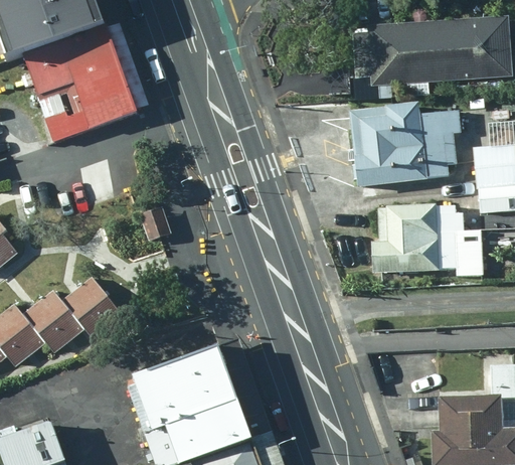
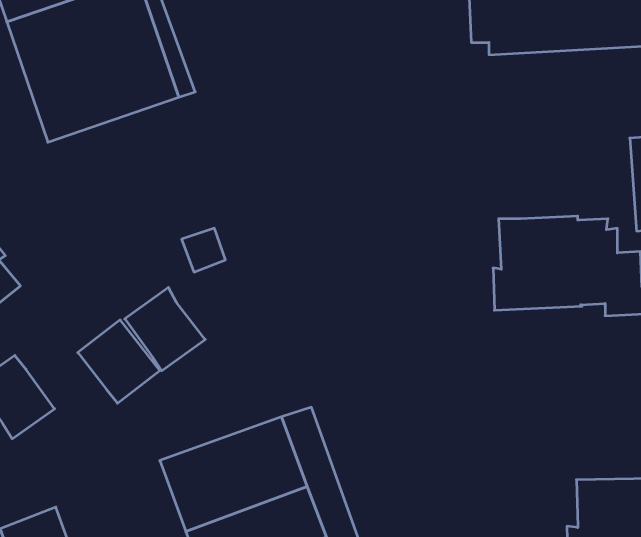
building: [345,101,459,185] -> none
building: [26,292,85,353] -> [125,287,205,371]

